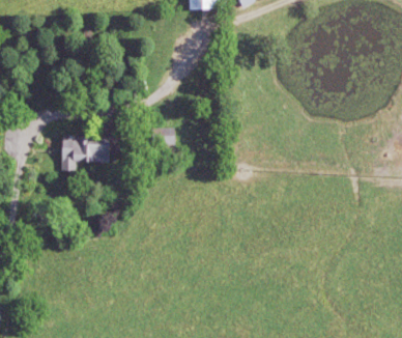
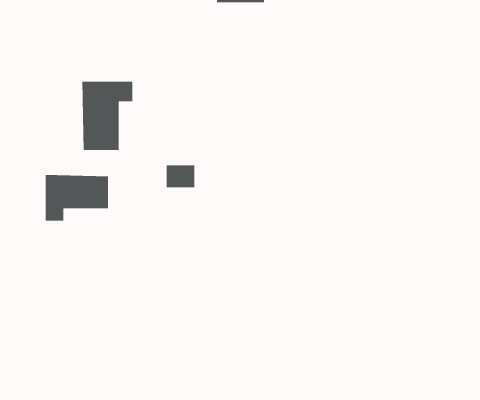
building: none -> [81,81,133,151]

